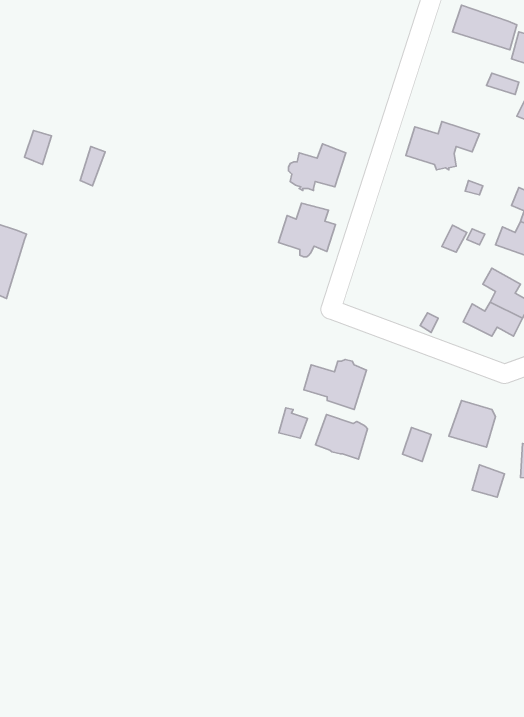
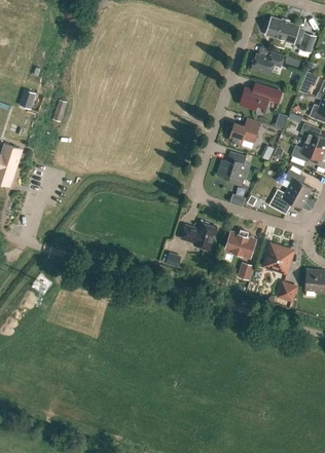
building: none -> [252,51,284,72]
building: [288,144,346,190] -> [227,117,260,144]
building: [278,203,336,257] -> [217,152,250,183]
building: [316,414,368,459] -> [225,231,255,257]

